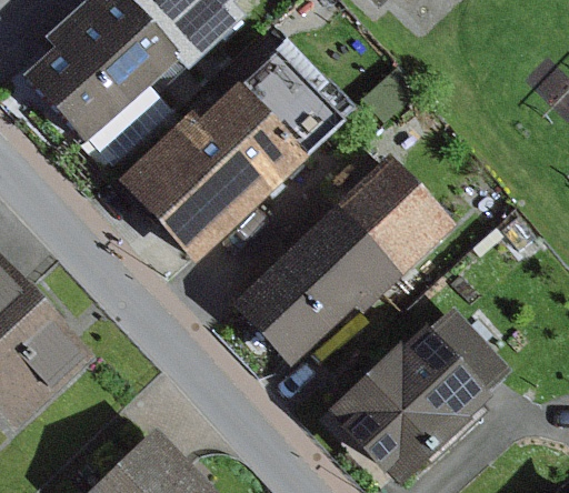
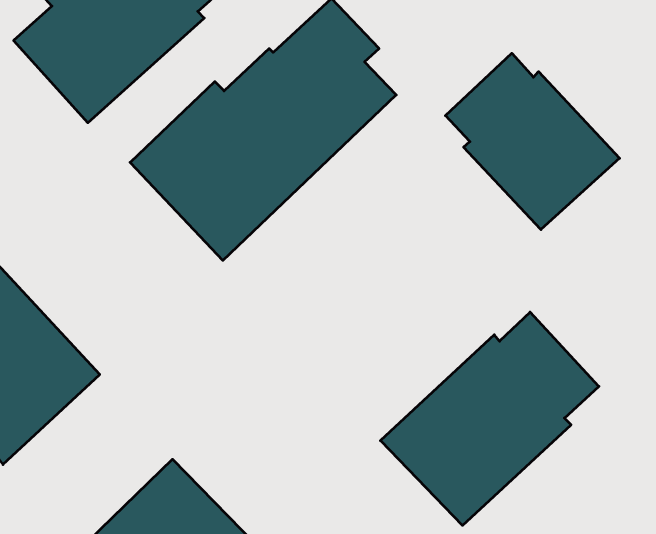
building: none -> [445,53,620,230]
building: [232,160,452,366] -> none

